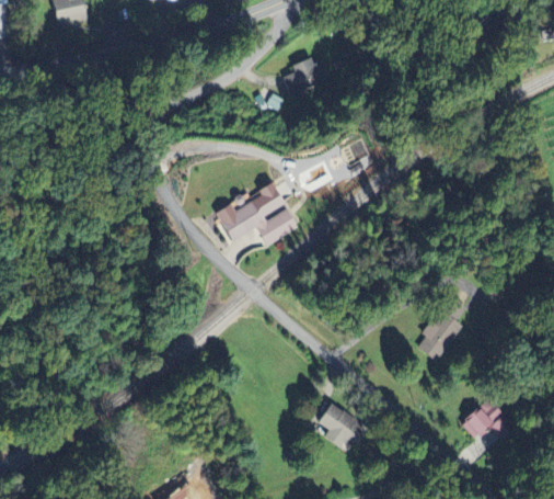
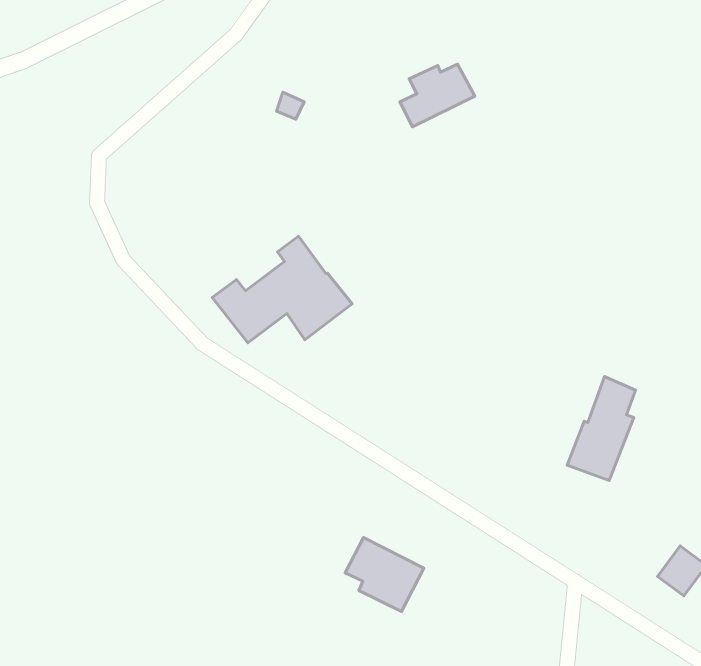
building: [285,58,331,93] -> [400,64,475,127]
building: [318,402,366,451] -> [345,538,424,611]

